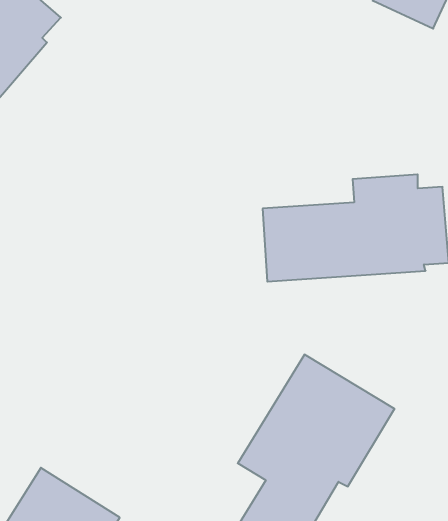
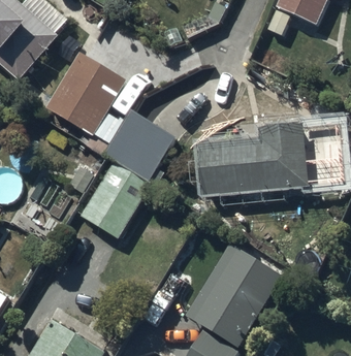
building: none -> [45,53,124,135]
building: none -> [79,109,176,237]

